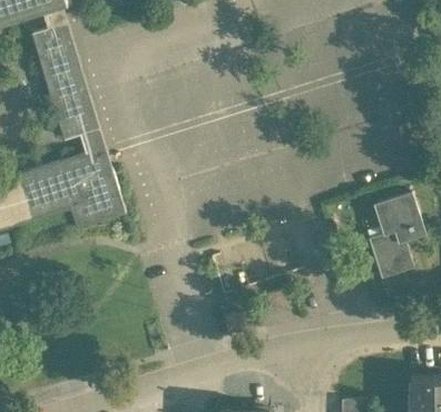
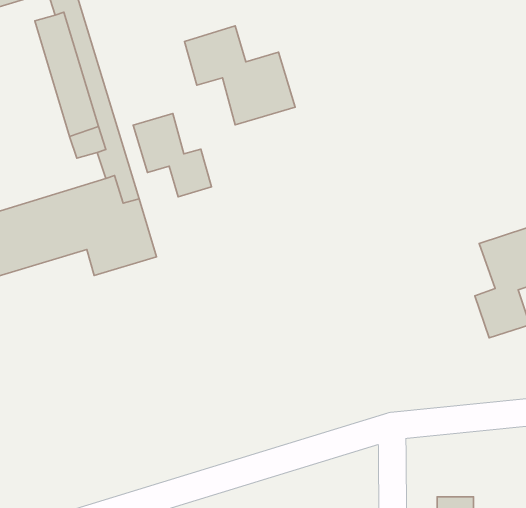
building: none -> [185,26,295,125]
building: none -> [133,114,212,197]

